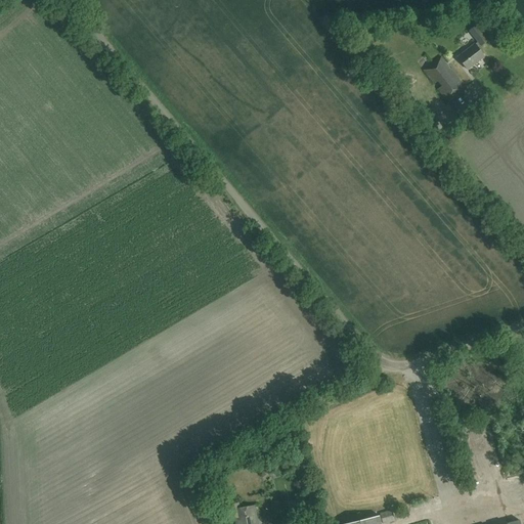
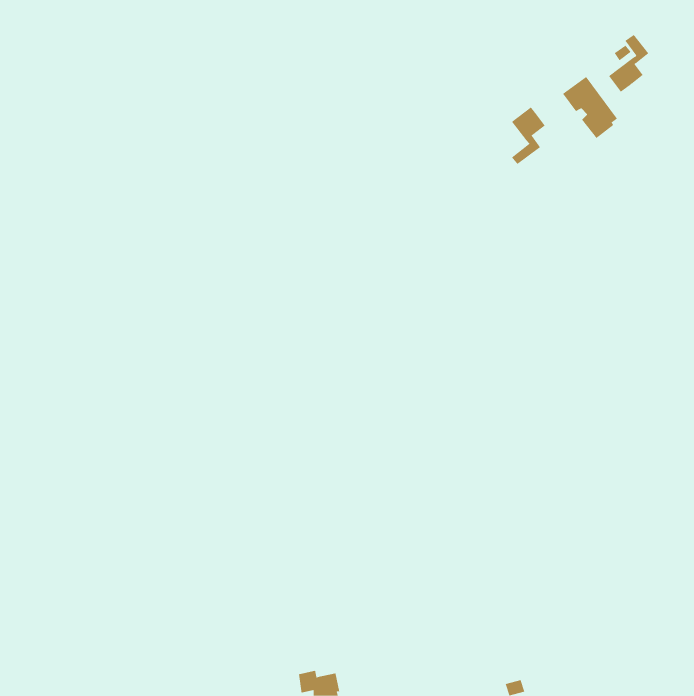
building: none -> [511,107,545,165]

